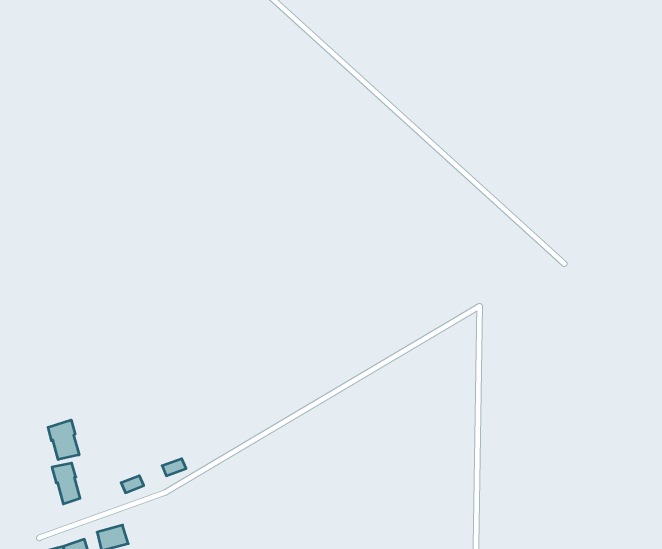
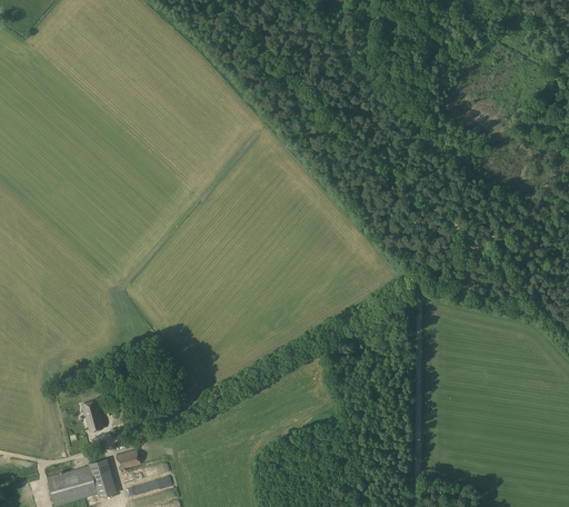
building: [48,420,79,460] -> none

